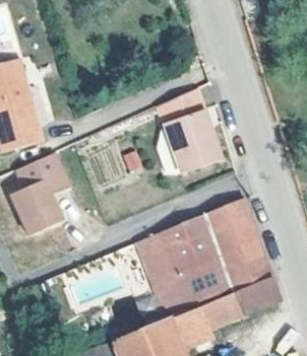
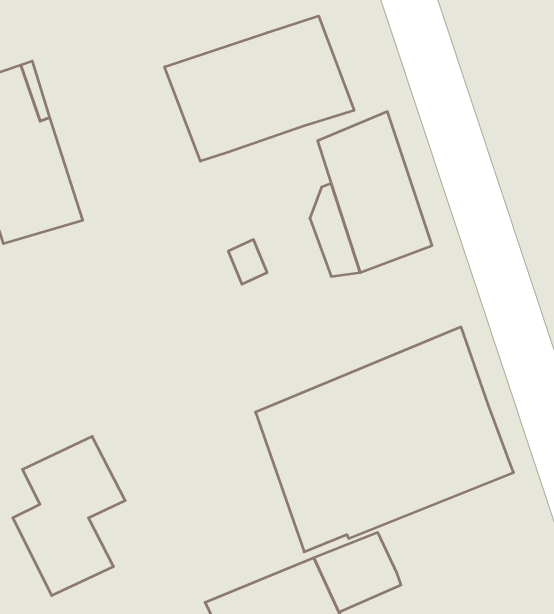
building: none -> [165,16,354,161]
building: [14,152,73,235] -> [13,436,125,596]
building: [200,275,280,326] -> none

